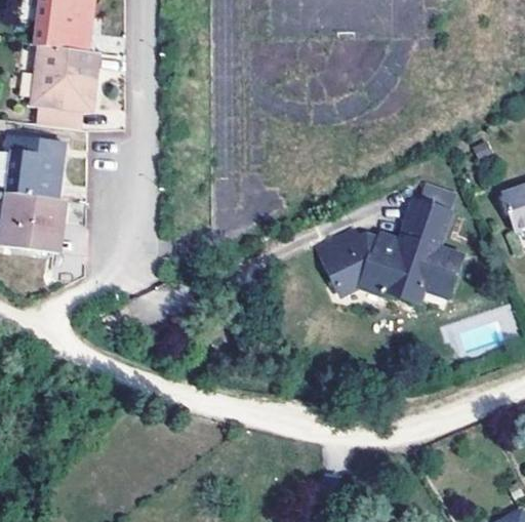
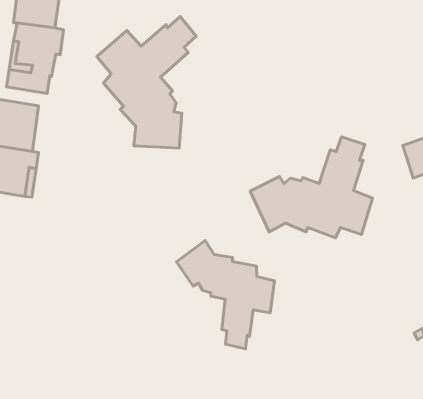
building: none -> [97,17,196,148]
building: none -> [177,240,274,349]

